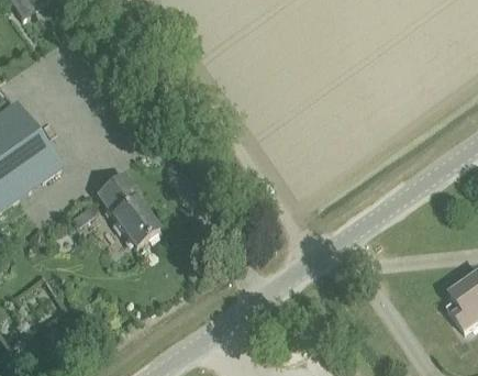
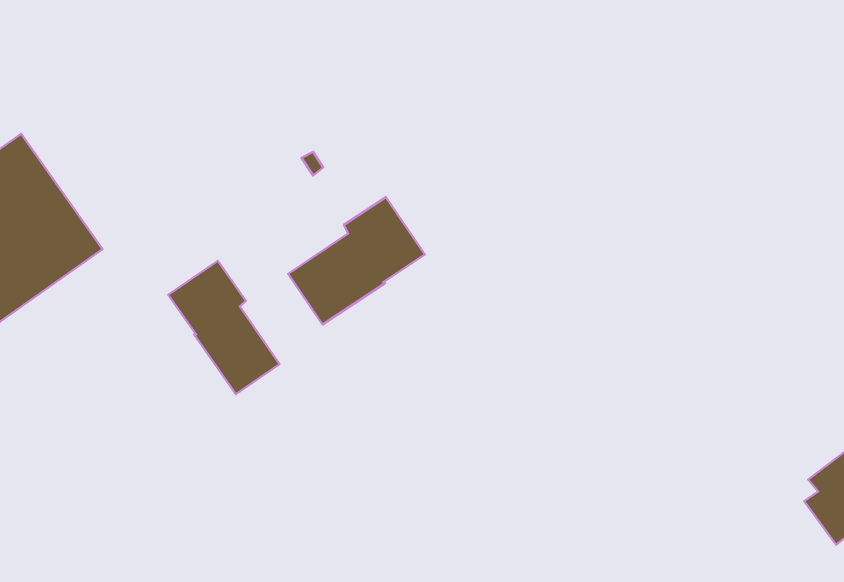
building: none -> [288,197,425,324]

